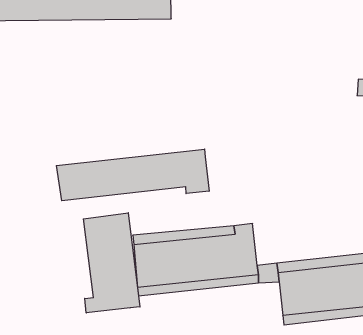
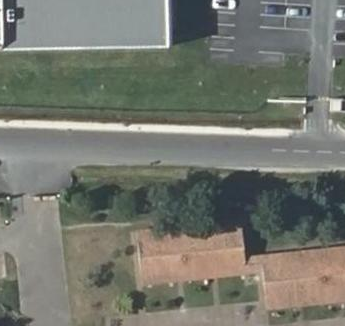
building: [56,149,209,201] -> none
building: [83,213,140,313] -> none

